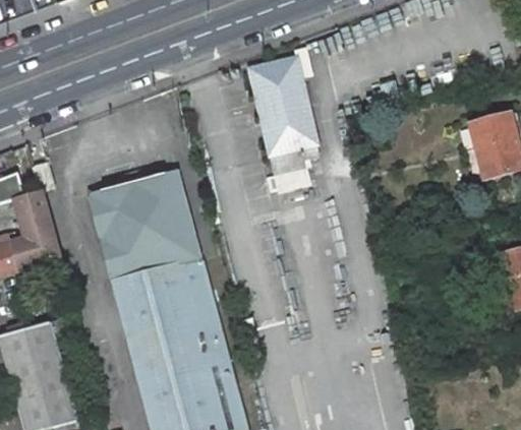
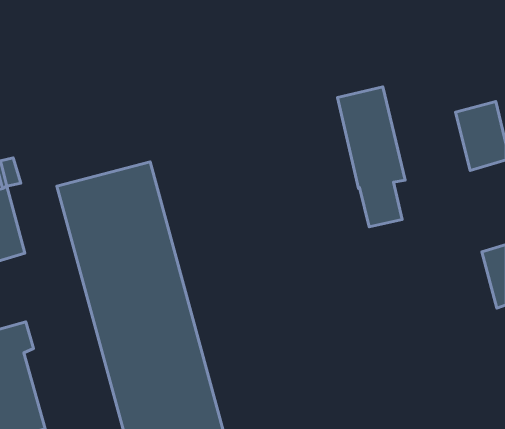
building: [248,55,313,189] -> [337,87,405,227]

